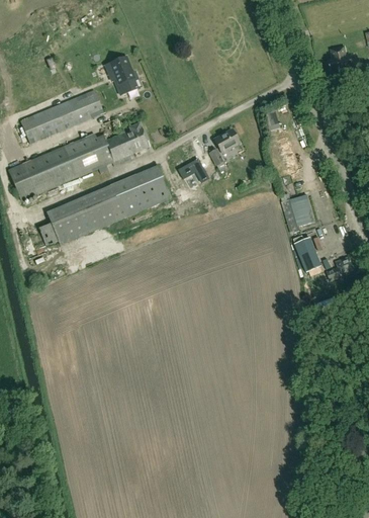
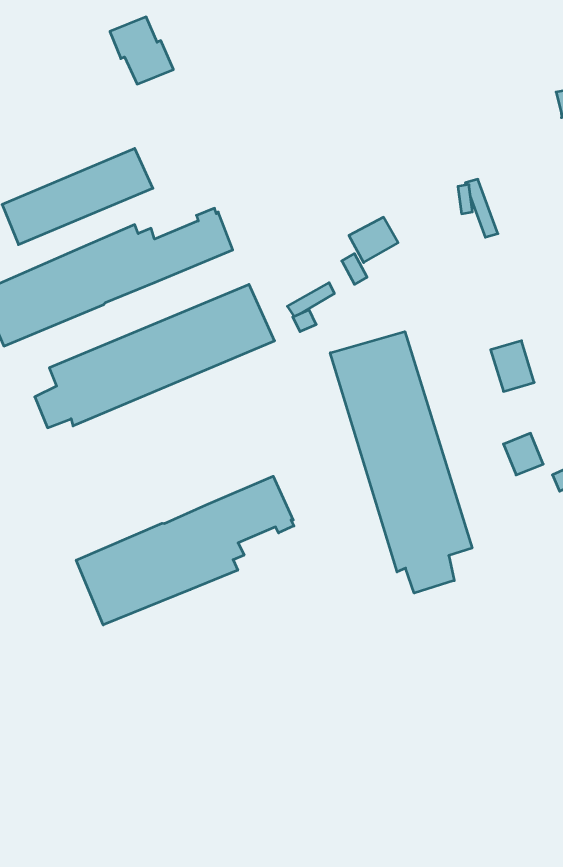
building: [105,57,141,94] -> [110,17,173,84]
building: none -> [330,332,472,593]
building: none -> [76,476,294,625]

